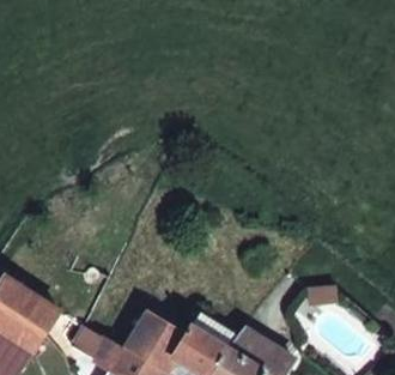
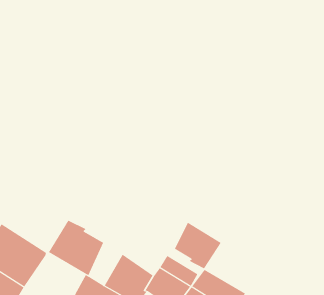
building: none -> [48,220,104,276]
building: none -> [174,222,221,269]

